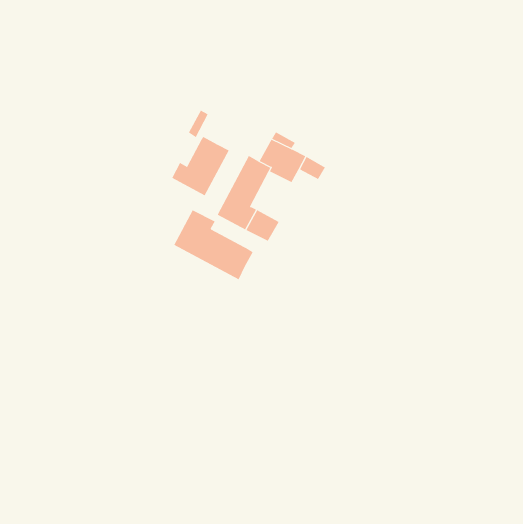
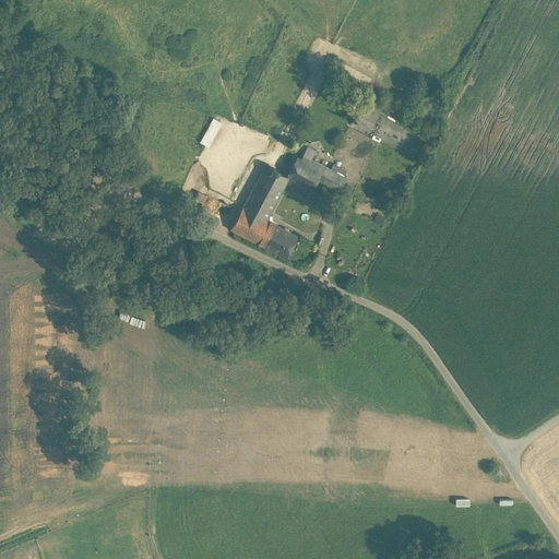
building: [171,136,230,196] -> none
building: [173,209,254,280] -> none

